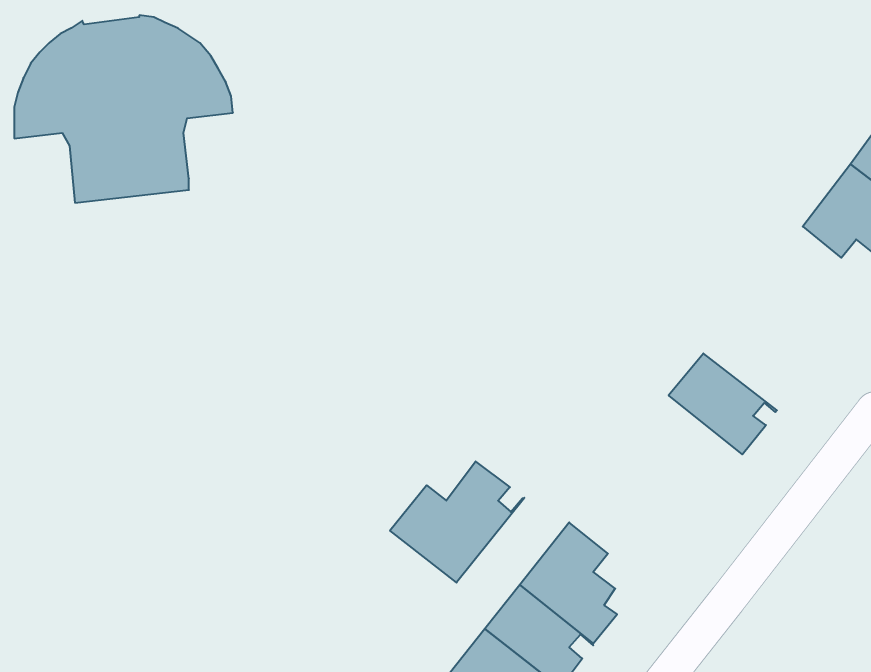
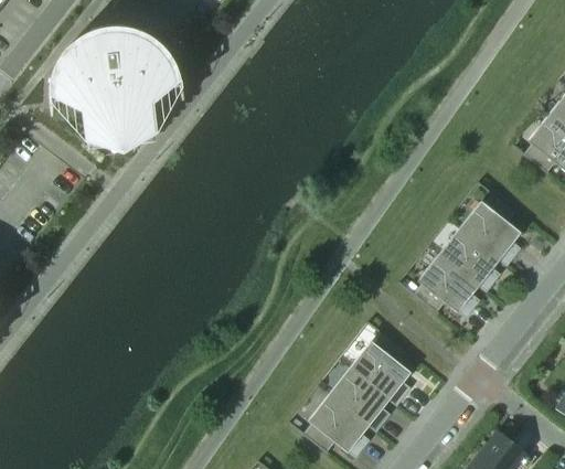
building: none -> [461,192,519,264]
building: none -> [411,255,484,317]
building: [390,461,524,583] -> none

